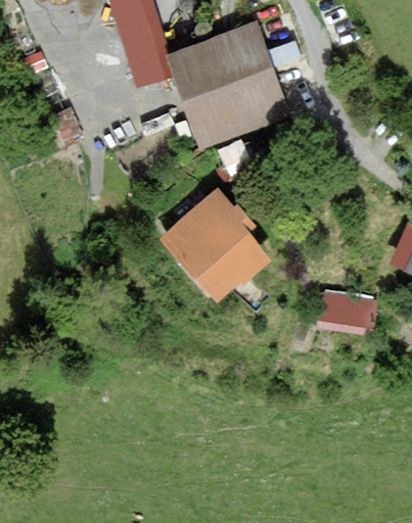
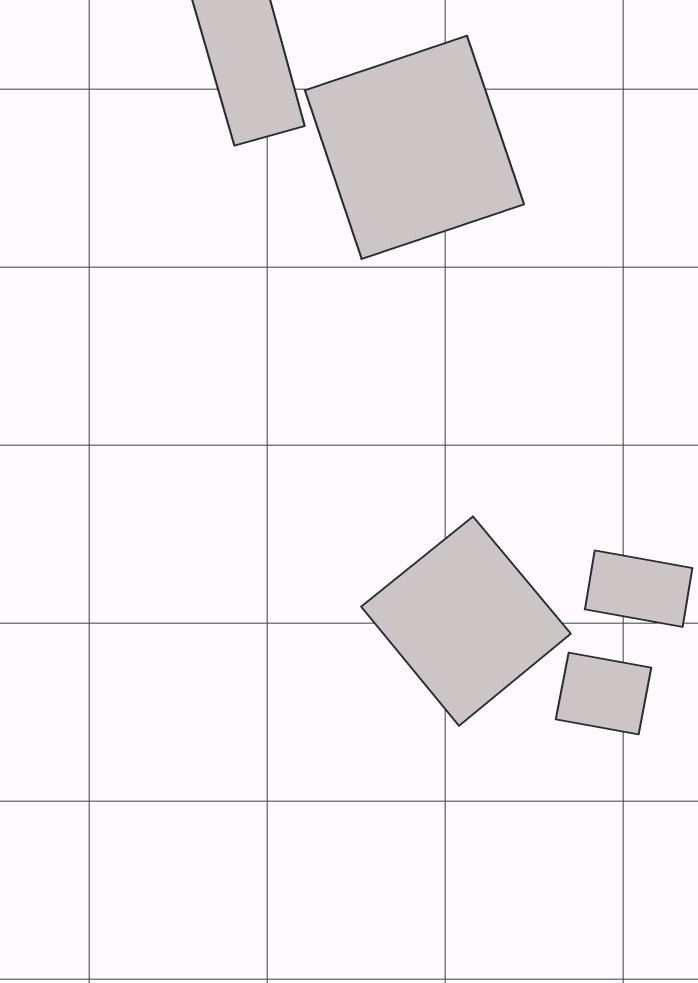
building: [163,186,272,295] -> [361,516,571,726]
building: none -> [556,653,651,734]

